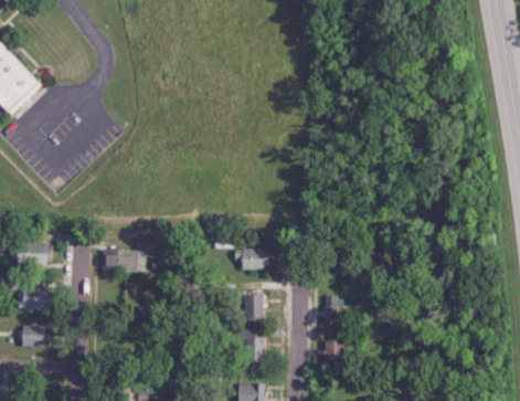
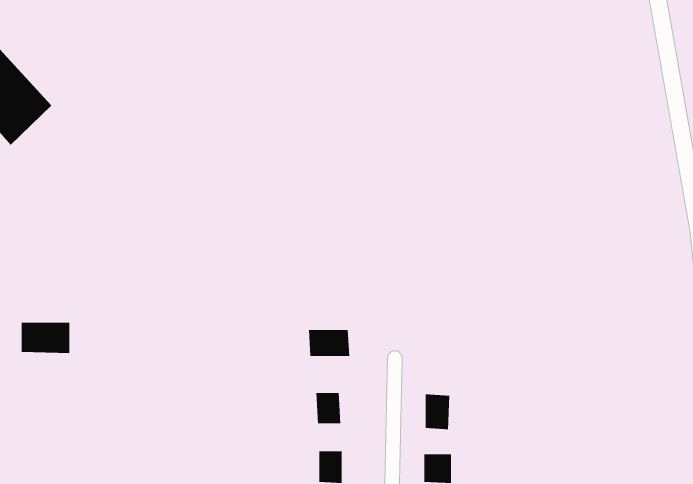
building: [104,240,150,272] -> none
building: [21,288,54,308] -> none
building: [22,326,53,347] -> none

